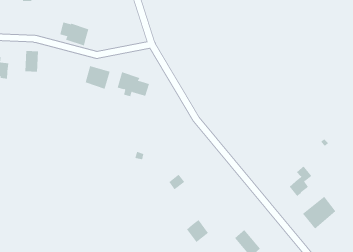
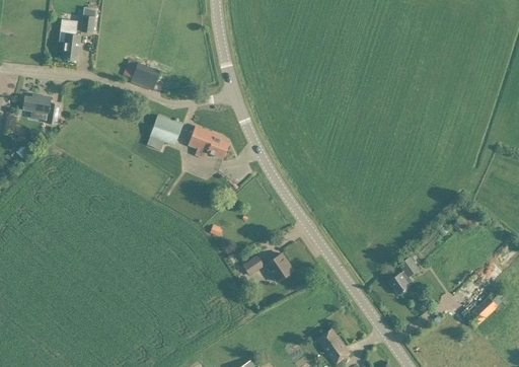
building: [25,51,39,72] -> [62,33,81,61]
building: [302,196,336,230] -> none
building: [186,219,209,243] -> [266,253,293,282]

